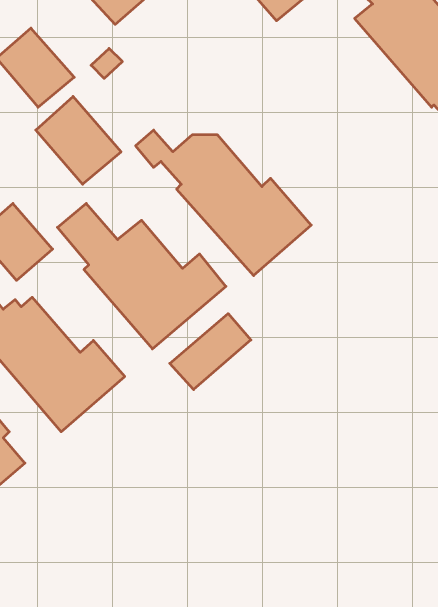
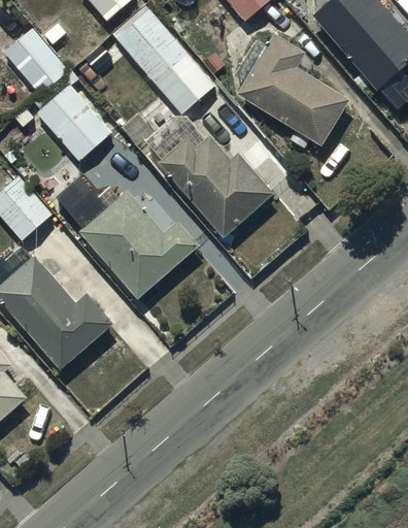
building: none -> [110,5,214,116]
building: none -> [233,33,351,147]
building: [170,314,251,390] -> none

